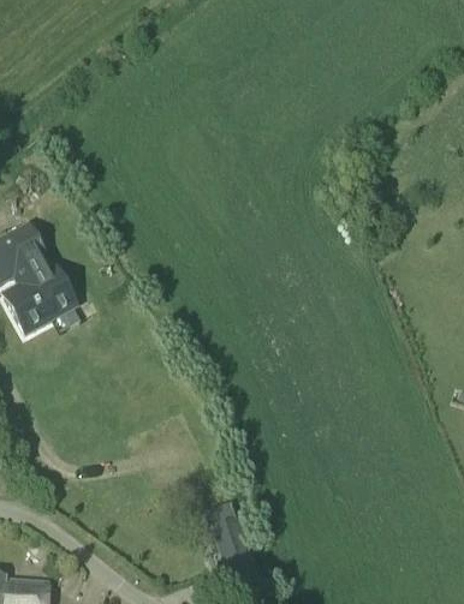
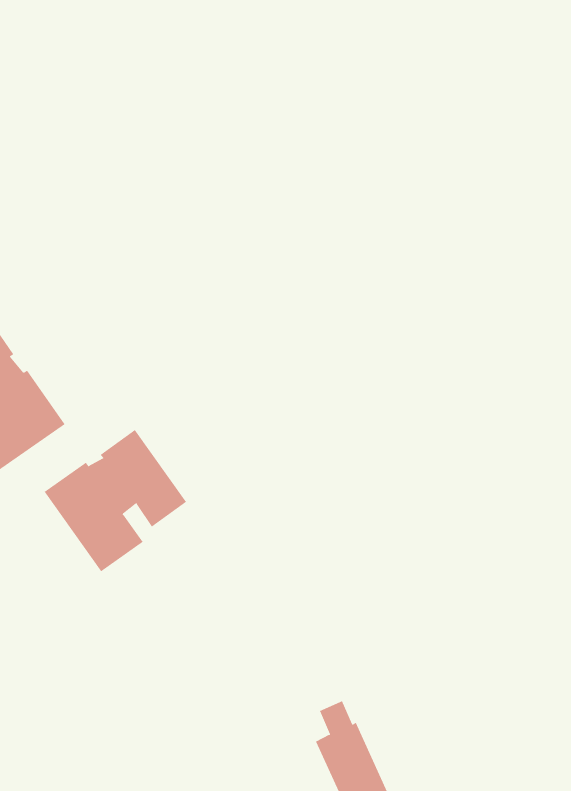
building: none -> [44,429,187,572]

